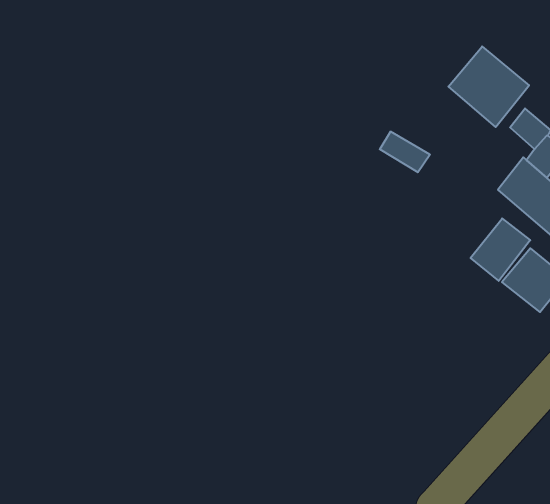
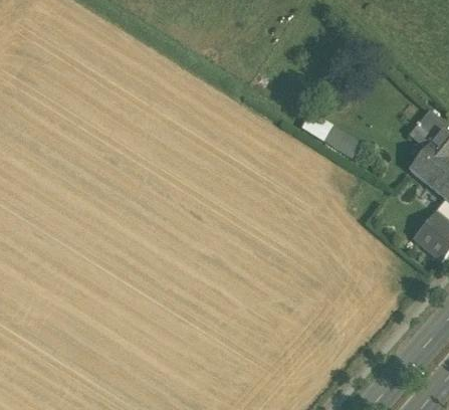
building: [448,46,529,127] -> none
building: [471,218,530,281] -> none

